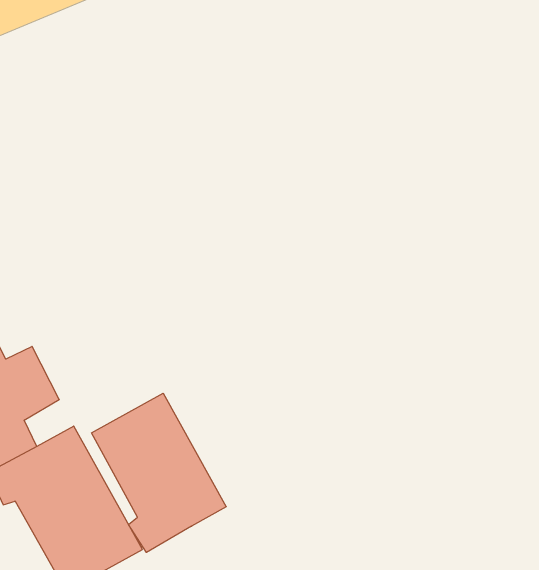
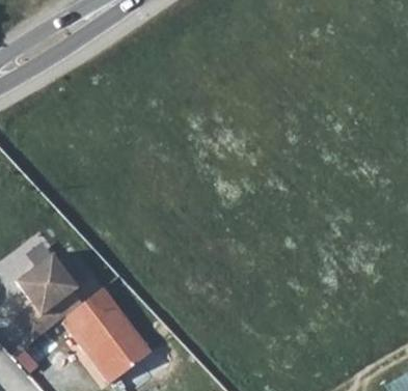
building: [92,393,226,552] -> none

